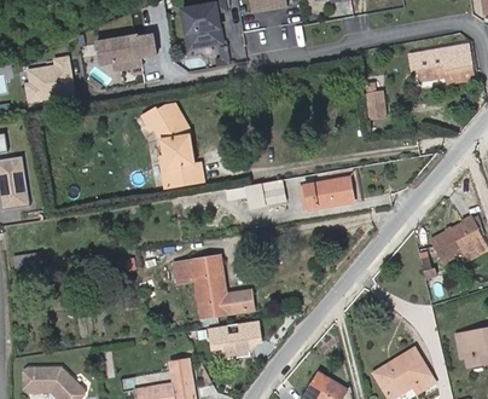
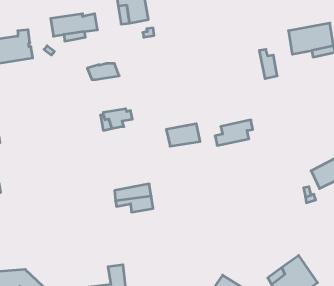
building: [153,116,192,163] -> none
building: [199,287,254,317] -> none
building: [210,320,265,359] -> none

